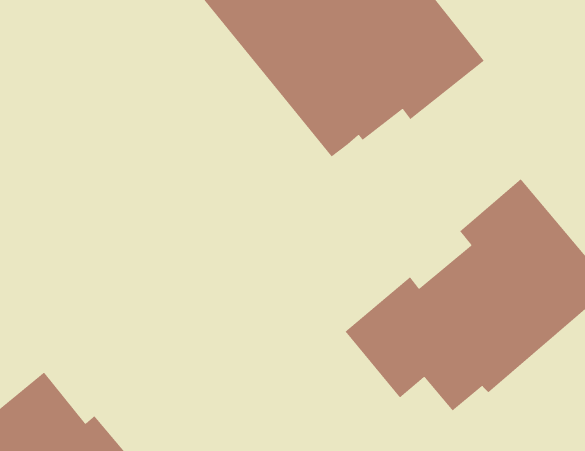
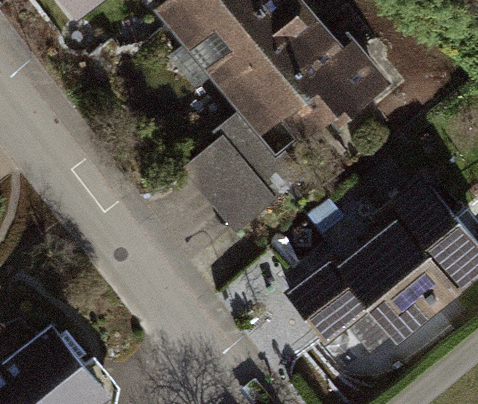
building: none -> [181,113,311,239]

